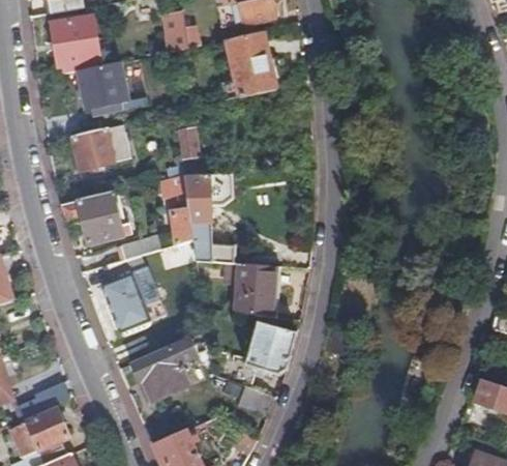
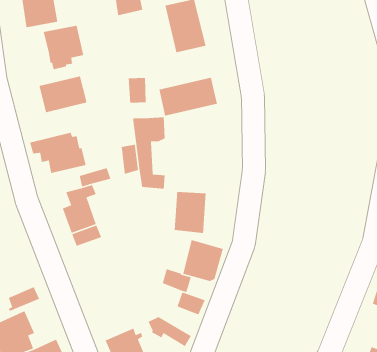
building: none -> [158,77,218,116]
building: [131,337,195,401] -> none

